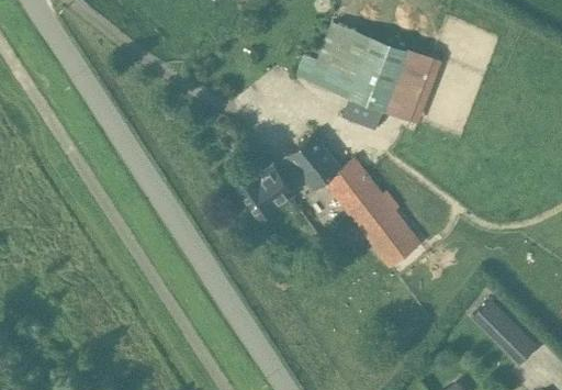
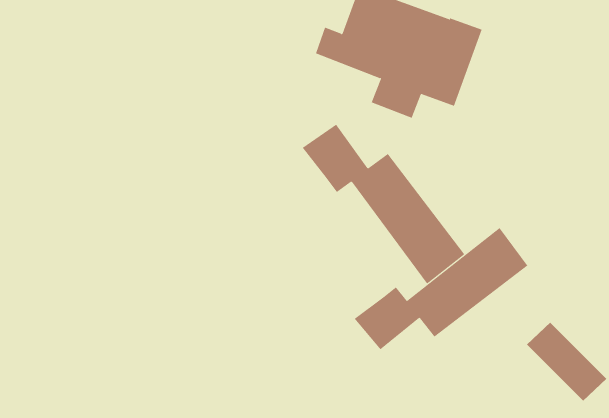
building: [239,156,306,219] -> none
building: none -> [354,227,528,350]

